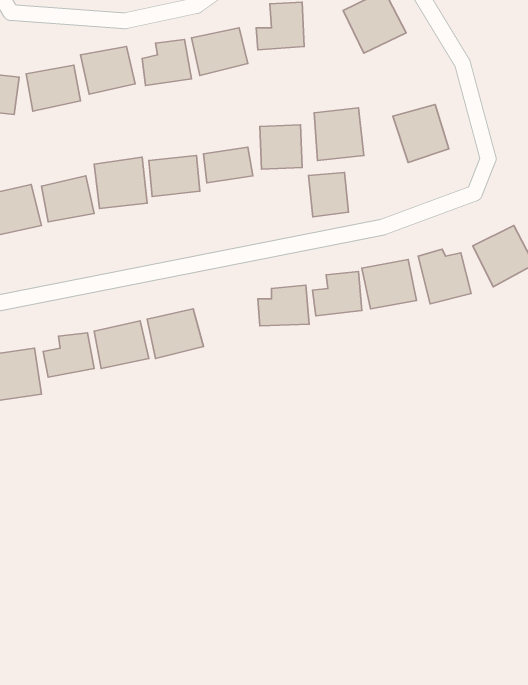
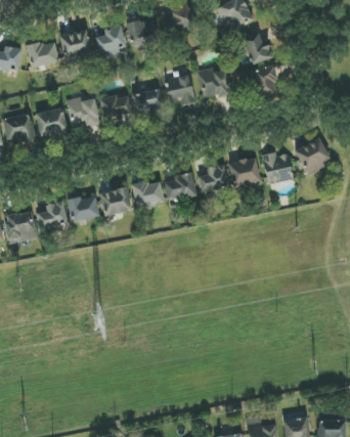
building: none -> [243,33,273,64]
building: [309,172,349,217] -> none
building: none -> [131,179,165,208]

